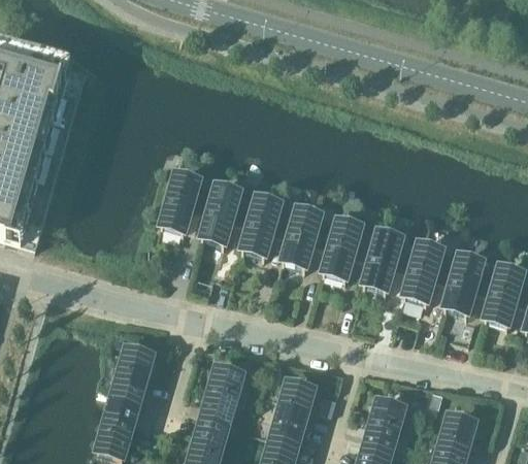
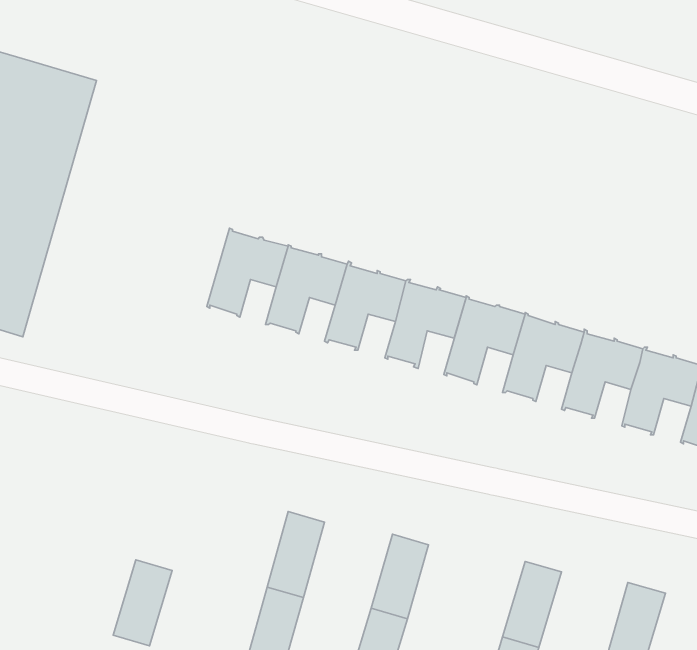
building: [111,346,151,405] -> none

